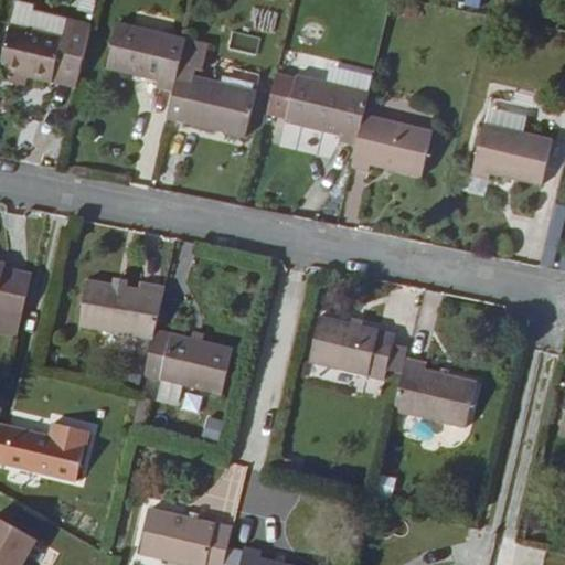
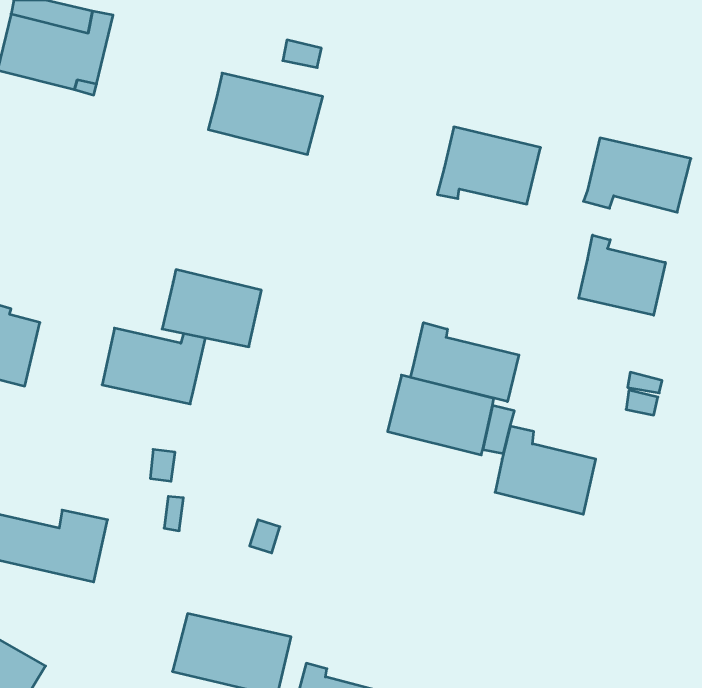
building: [105,22,185,92] -> none
building: [265,72,369,148] -> none
building: none -> [579,235,665,315]
building: none -> [411,323,519,402]
building: [143,327,223,388] -> [162,270,261,347]

